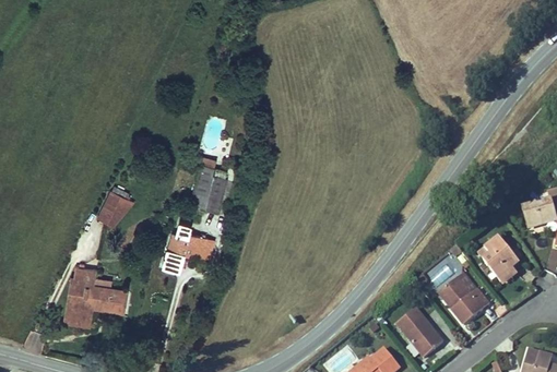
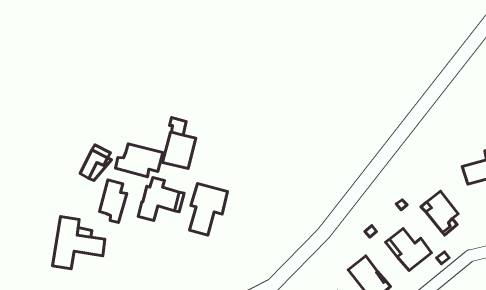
building: none -> [115,144,163,177]
building: none -> [99,180,127,223]
building: none -> [190,184,228,235]

